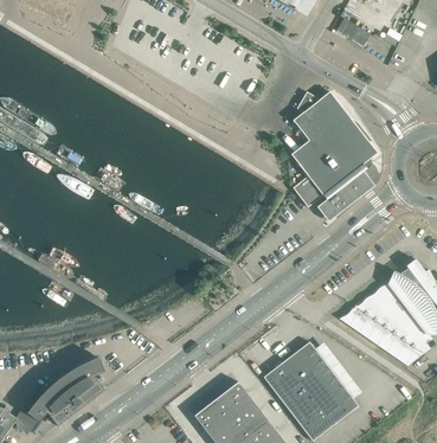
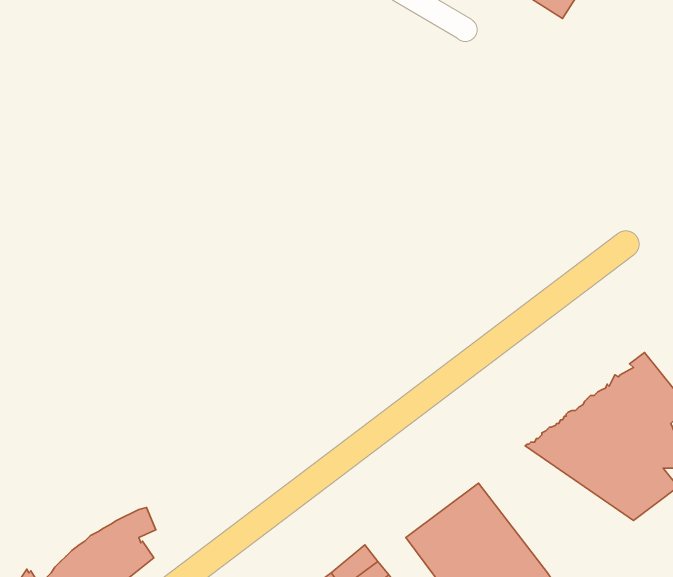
building: [293,91,377,213] -> none

